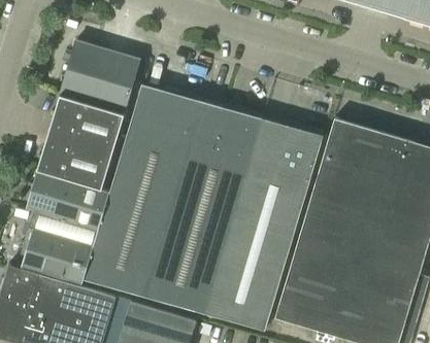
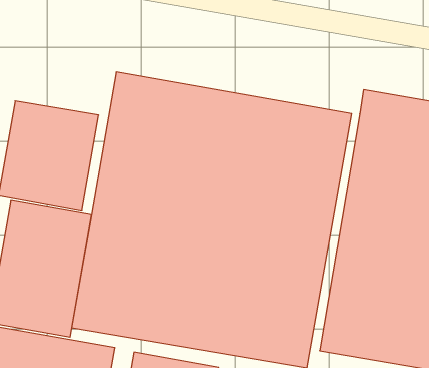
building: [60,40,140,114] -> none

